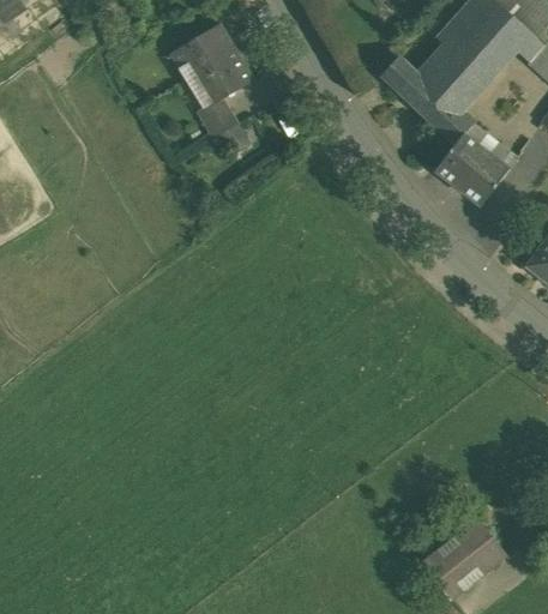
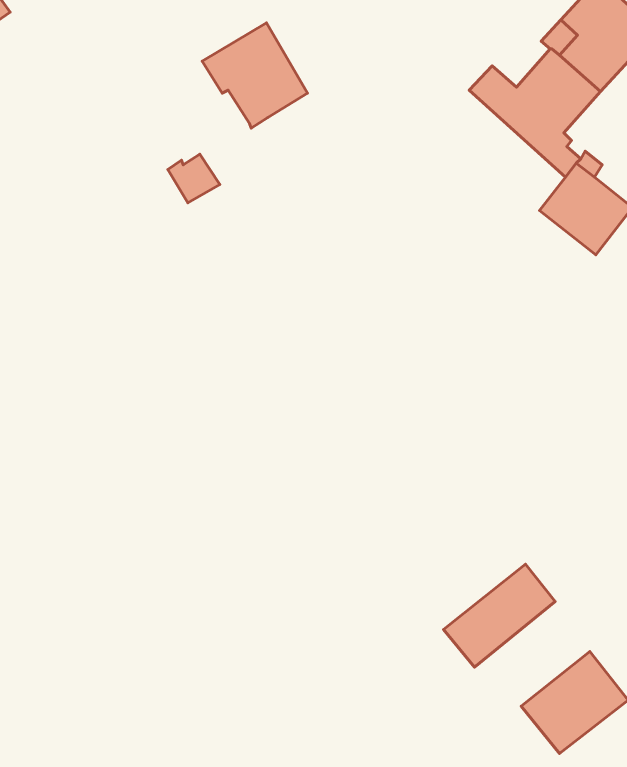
building: [197,97,237,136] -> [168,154,220,203]
building: none -> [443,564,555,667]

